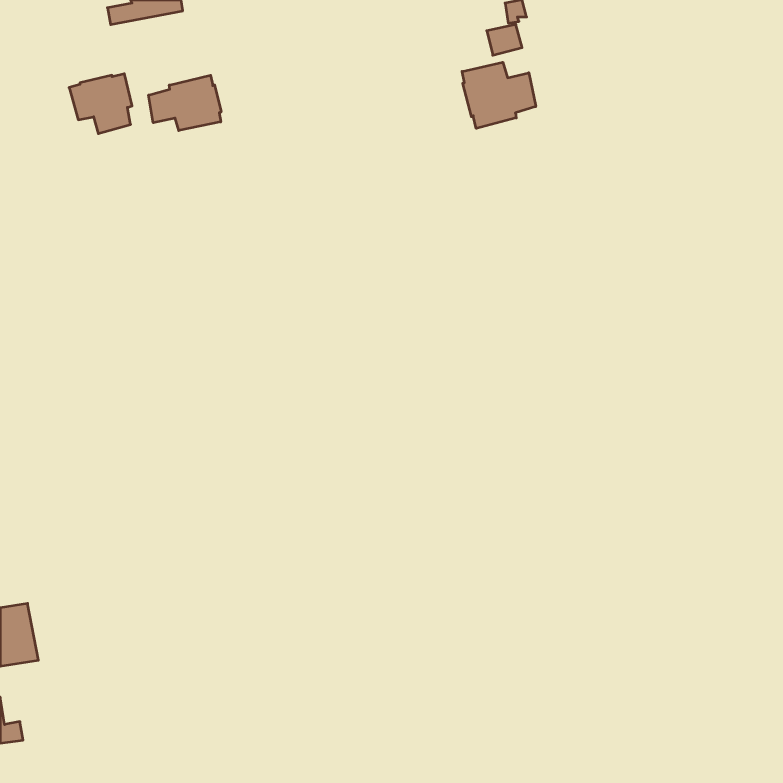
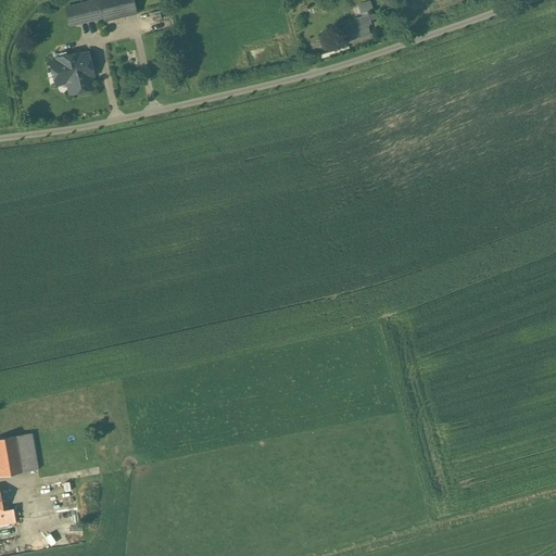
building: [462,62,536,128] -> none
building: [149,75,221,131] -> none

